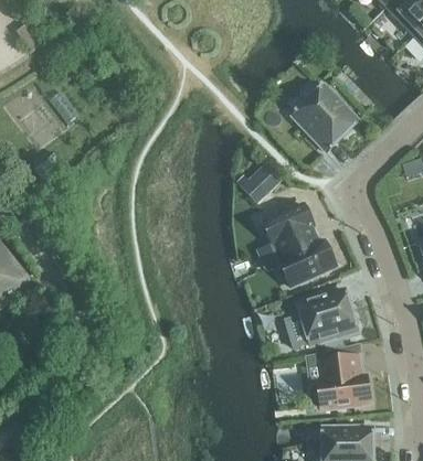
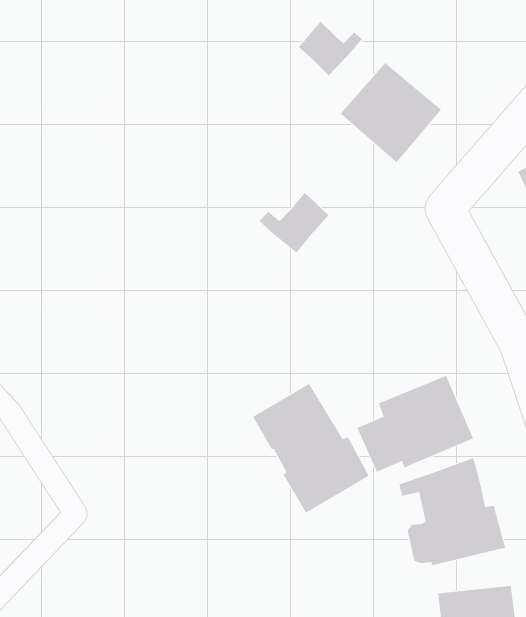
building: none -> [298,21,363,76]
building: [264,203,335,286] -> [252,383,369,514]

